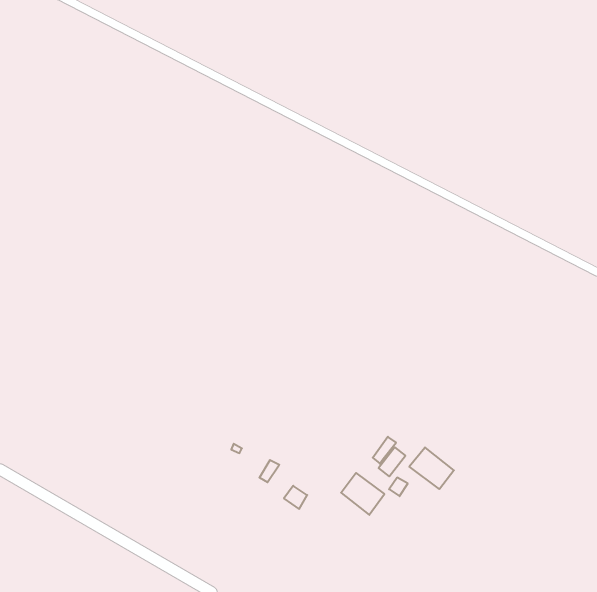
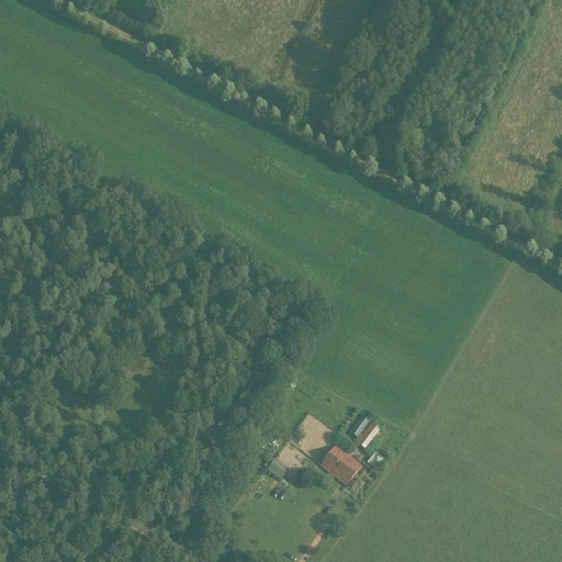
building: [409,447,454,489] -> none

